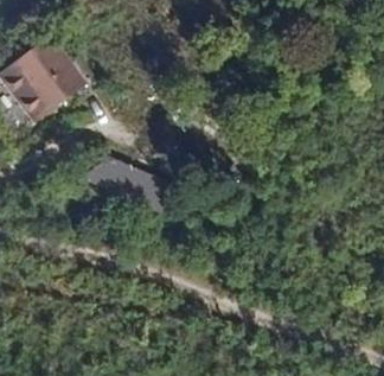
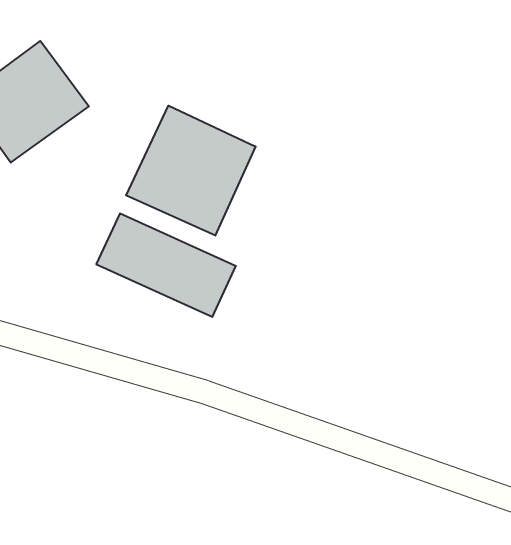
building: none -> [126,106,256,236]

